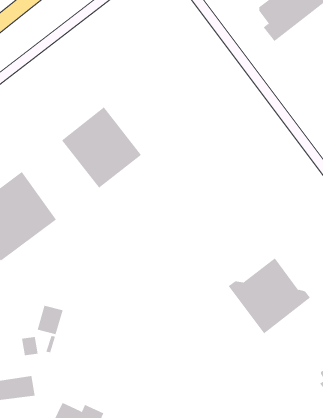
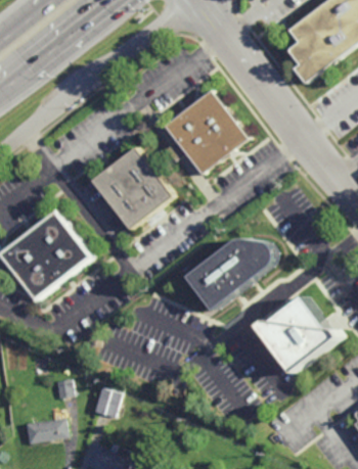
building: none -> [165,91,248,175]
building: none -> [188,238,275,310]
building: [37,305,63,335] -> [93,385,120,415]

